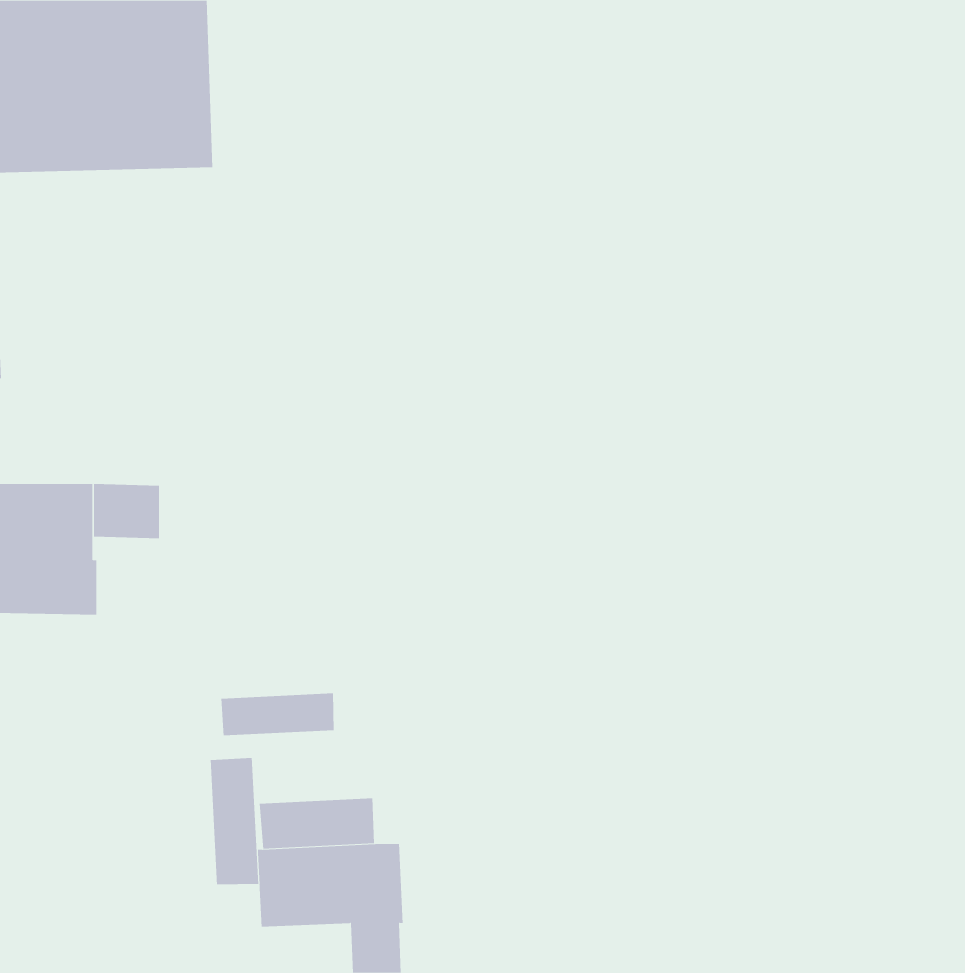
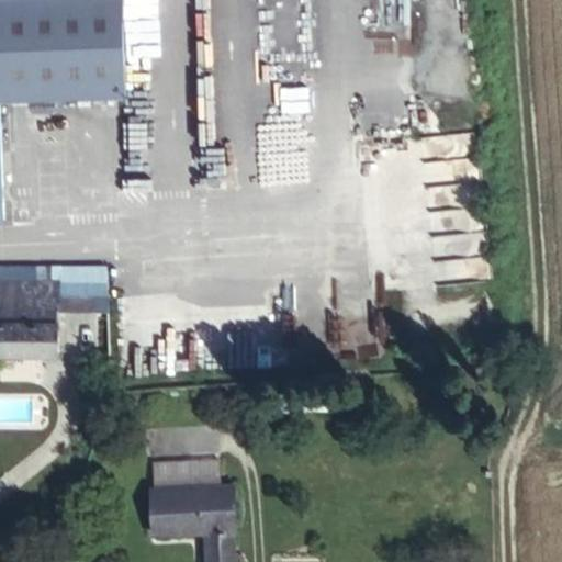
building: [221,693,334,736] -> none
building: [210,757,259,885] -> none

